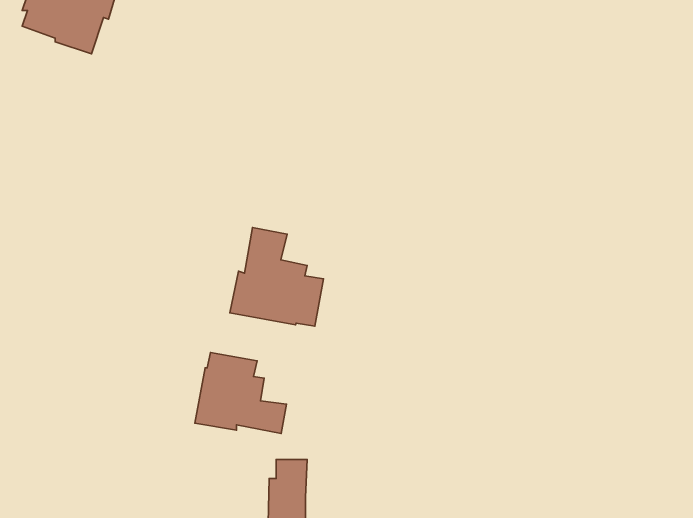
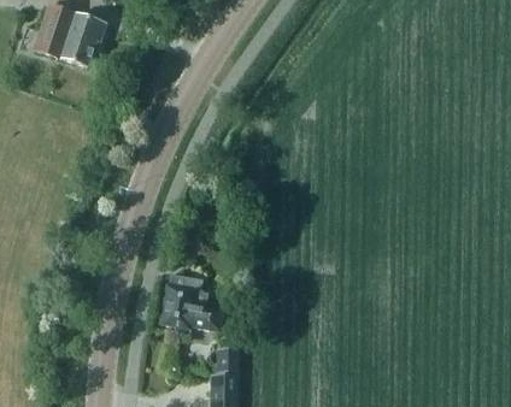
building: [230,228,324,326] -> none

